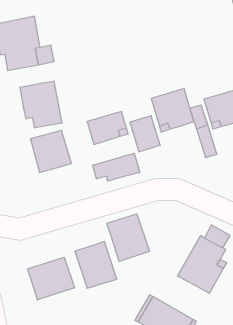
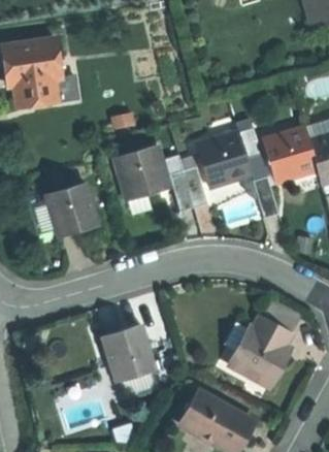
building: [20,81,62,128] -> none
building: [93,153,140,181] -> none
building: [107,214,150,261] -> none
building: [27,257,75,300] -> none

